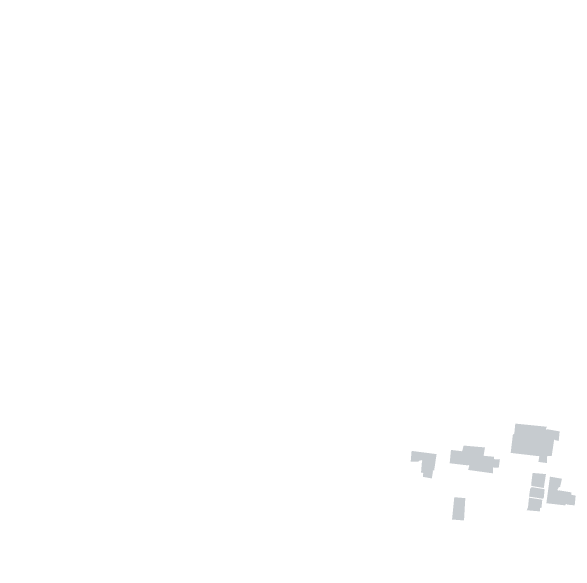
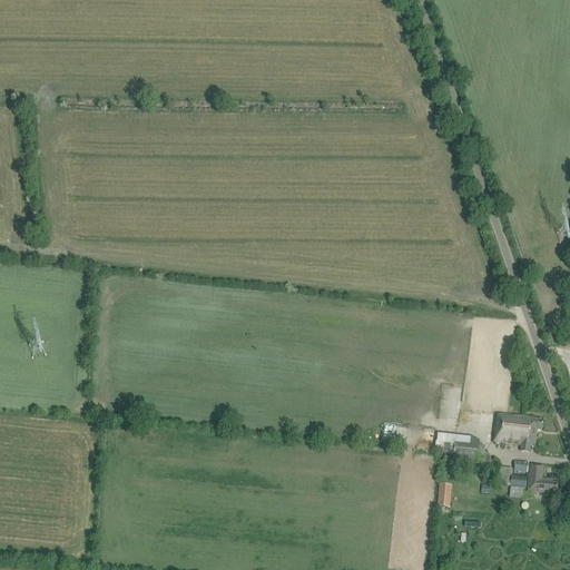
building: [410,450,437,479] -> none

